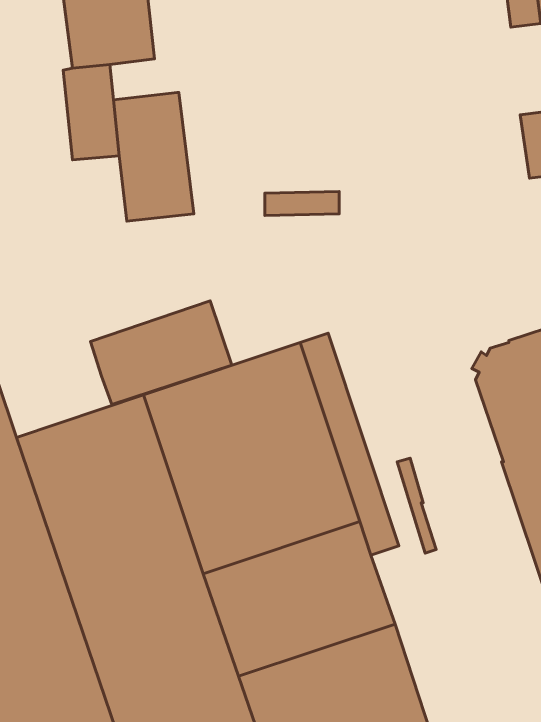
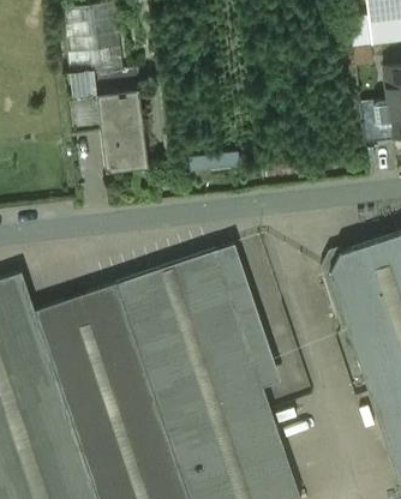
building: [91,301,232,404] -> none

